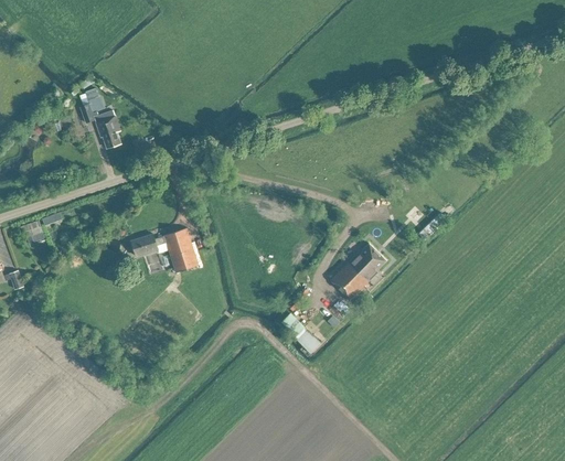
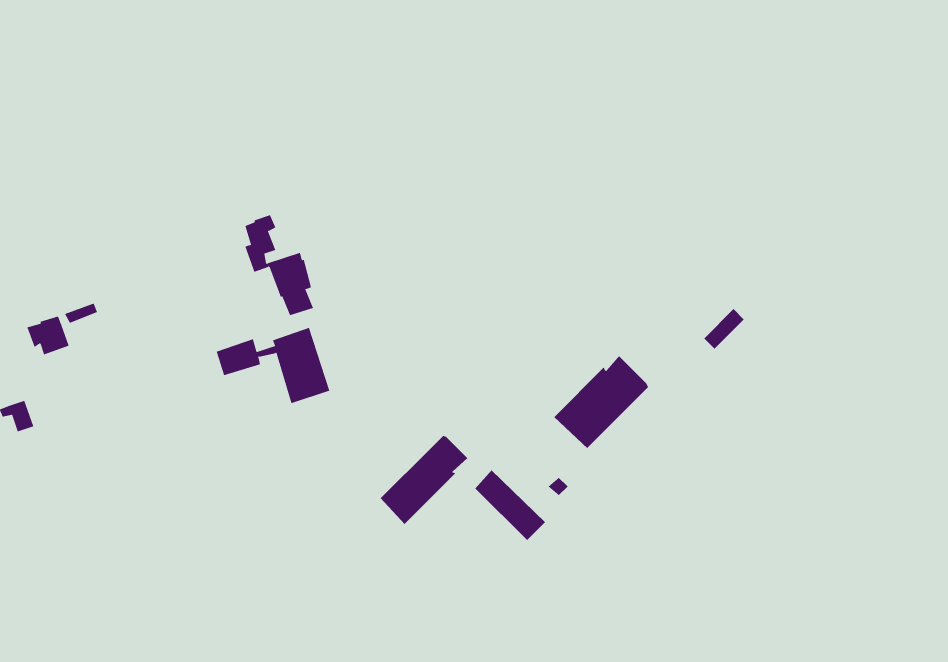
building: [81,88,121,148] -> [244,215,314,316]
building: none -> [380,435,468,525]

